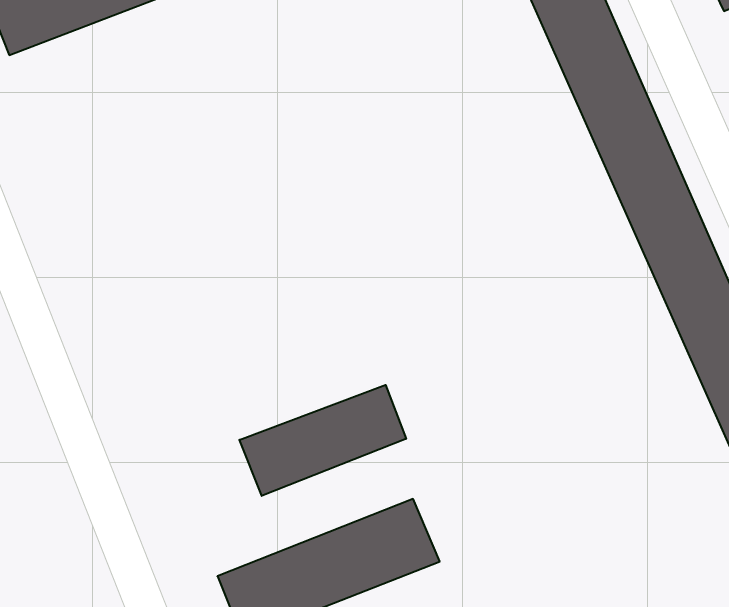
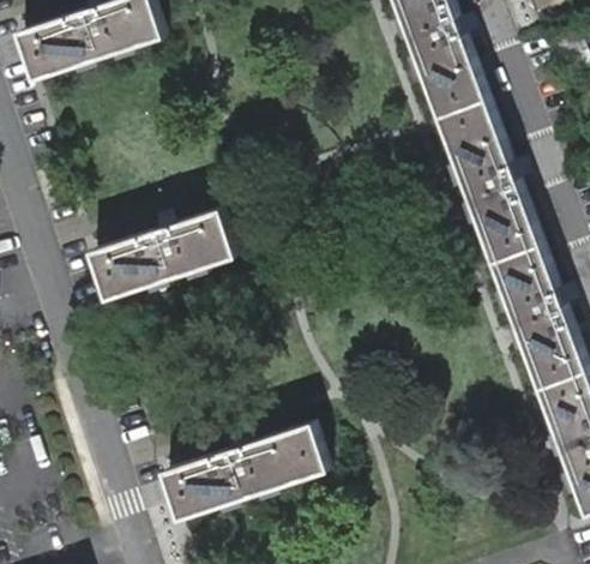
building: none -> [90,211,233,298]
building: [239,385,406,496] -> none

